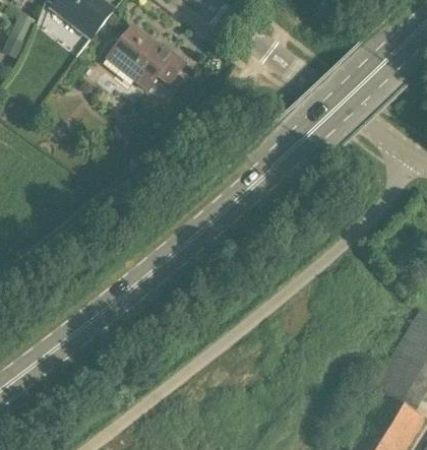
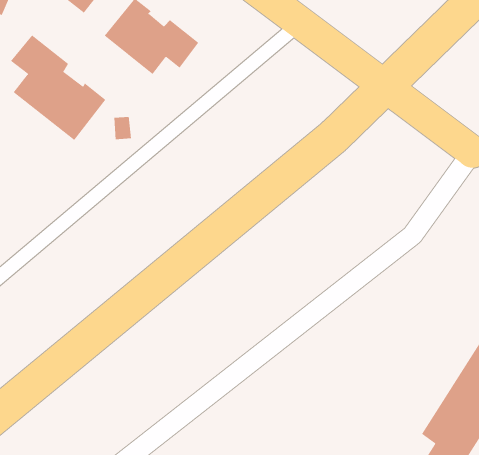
building: none -> [10,34,106,141]

